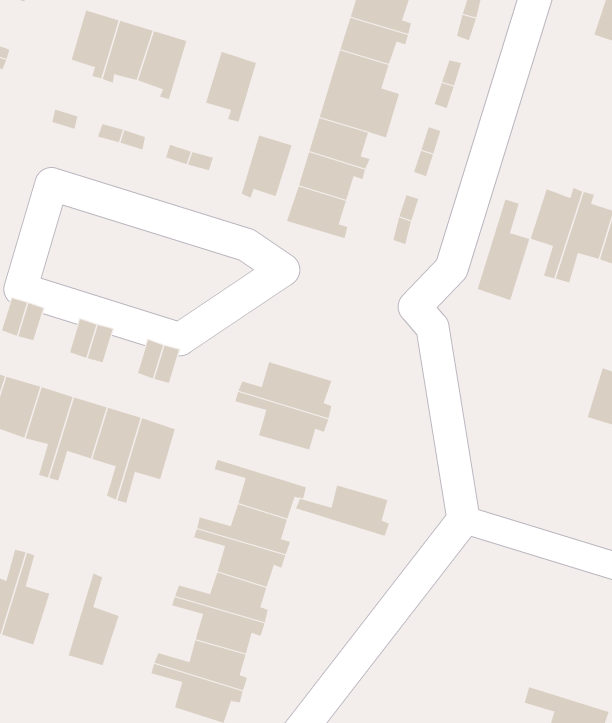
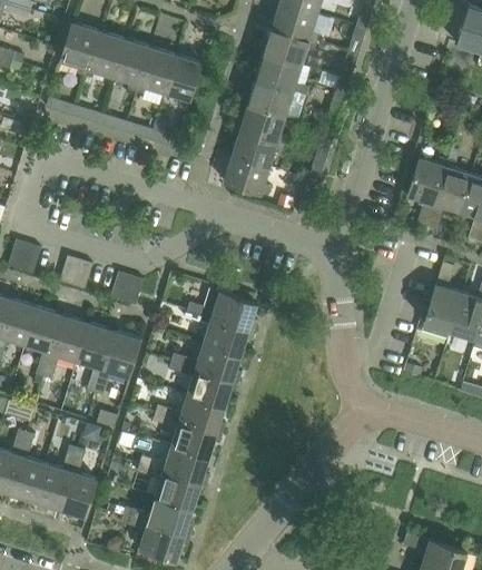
building: [241,135,292,198] -> [135,47,174,95]
building: [477,199,530,301] -> [421,263,461,340]
building: [295,485,390,537] -> [170,344,242,383]
building: none -> [32,445,77,510]

